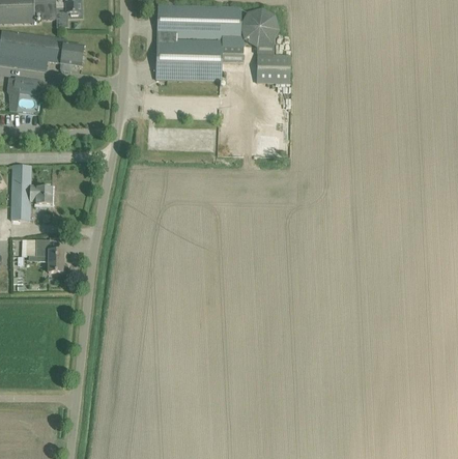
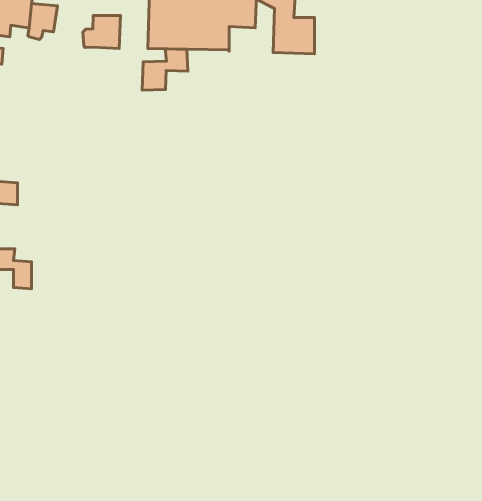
building: none -> [83,16,121,49]
building: none -> [142,49,188,90]

